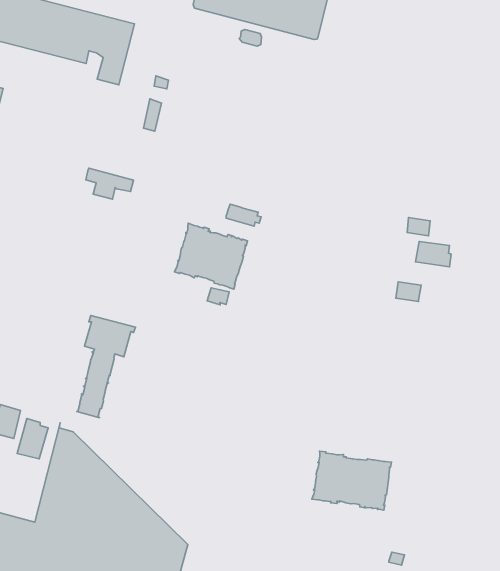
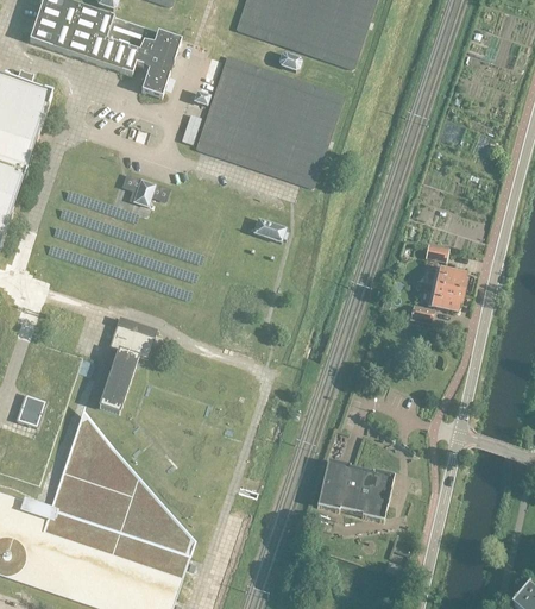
building: none -> [196,56,342,187]
building: [174,223,248,289] -> none
building: none -> [427,287,462,312]
building: [17,418,48,459] -> none

